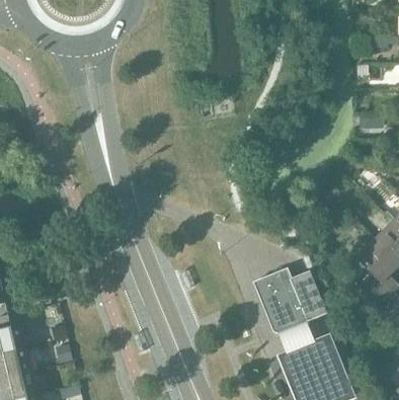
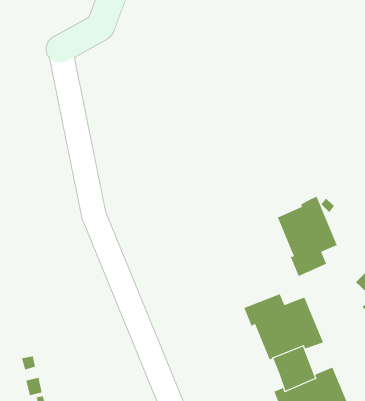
building: none -> [277,196,337,277]

